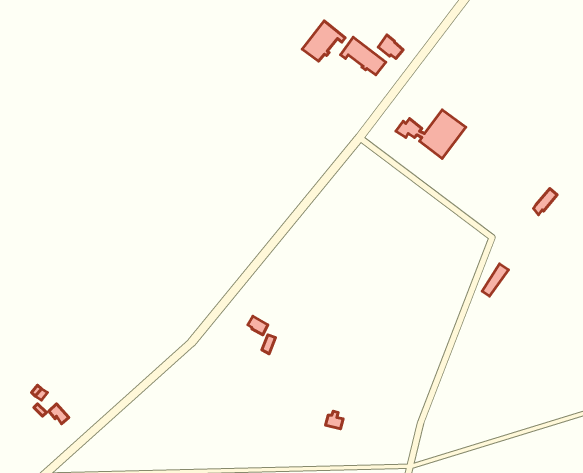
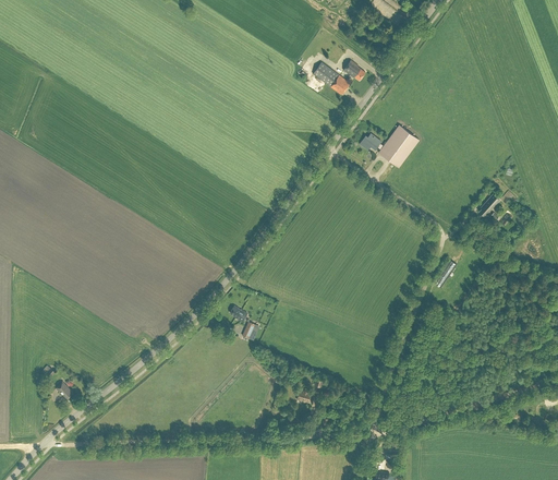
building: [302,21,345,61] -> none

